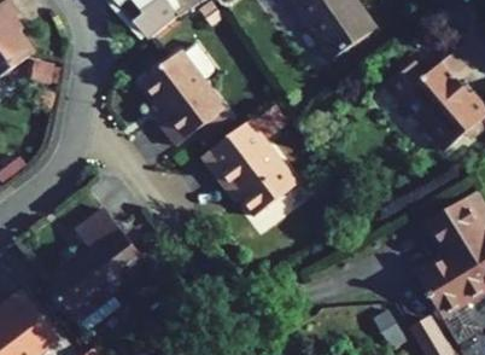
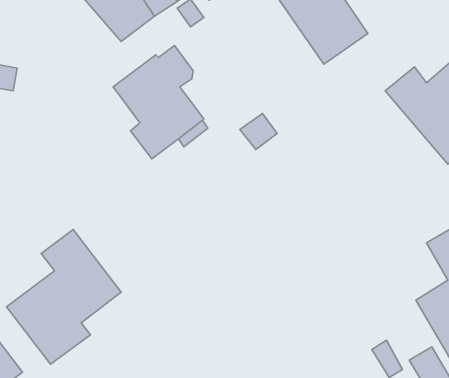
building: [201,120,297,215] -> none

